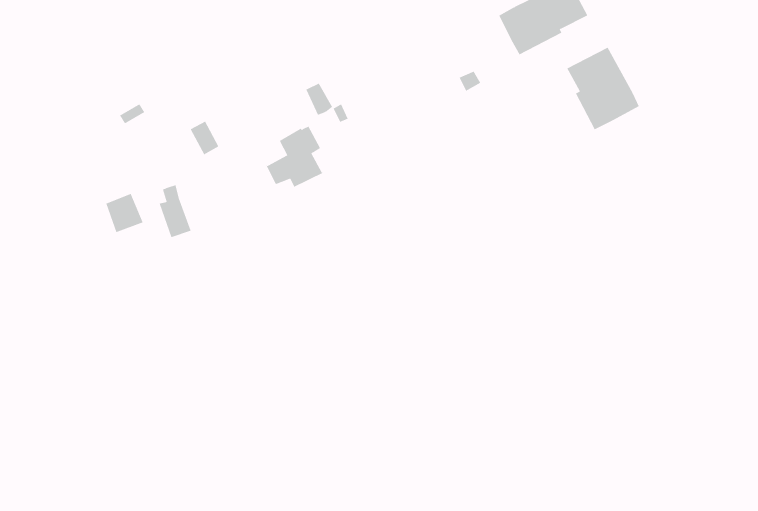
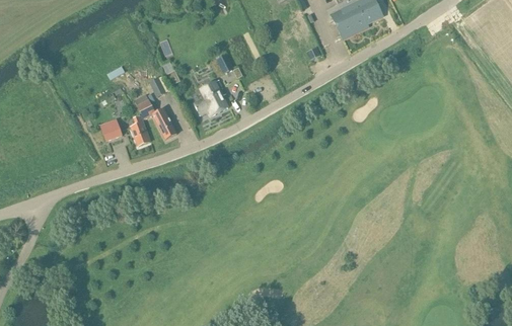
building: [566,47,640,130] -> none
building: none -> [135,93,176,139]

